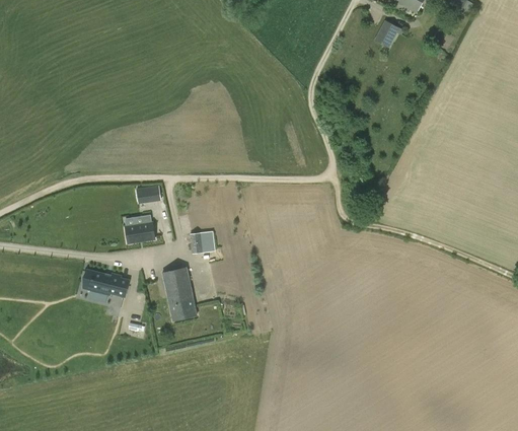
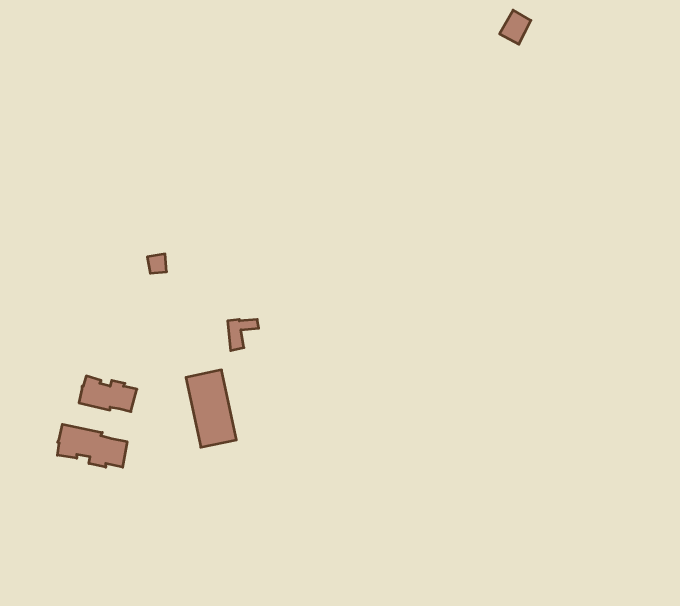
building: [126,217,154,242] -> none
building: none -> [57,424,127,467]

